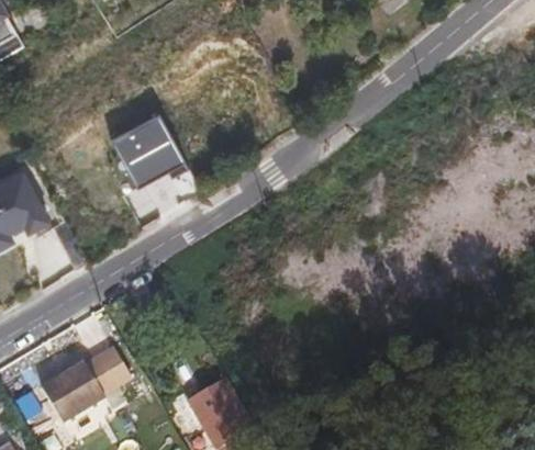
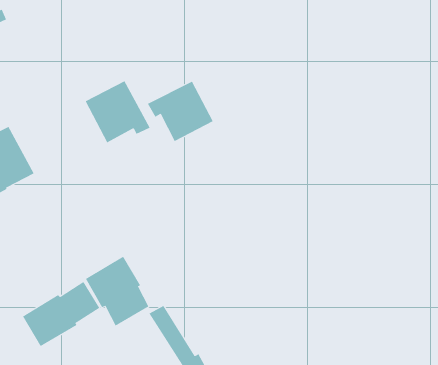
building: none -> [147,81,213,142]
building: none -> [85,256,149,326]

